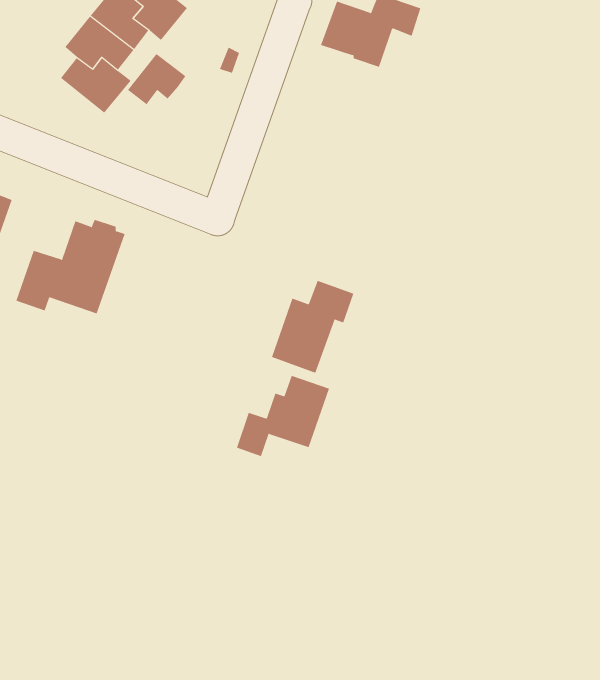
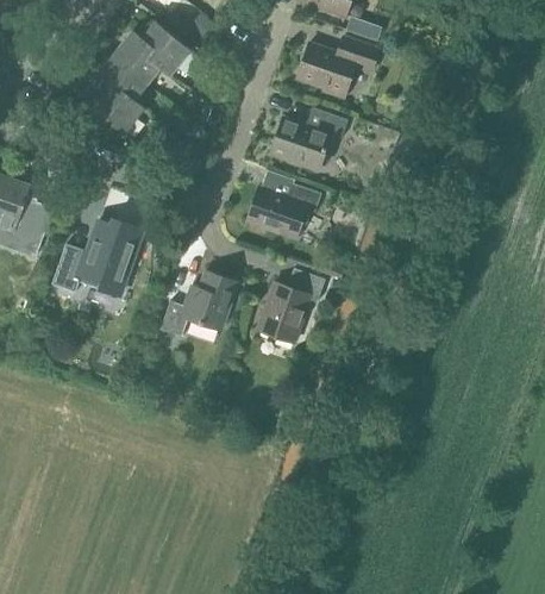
building: [127,53,186,105] -> none
building: none -> [270,106,347,170]
building: none -> [248,183,320,237]
building: [236,375,330,457] -> [162,271,237,337]

